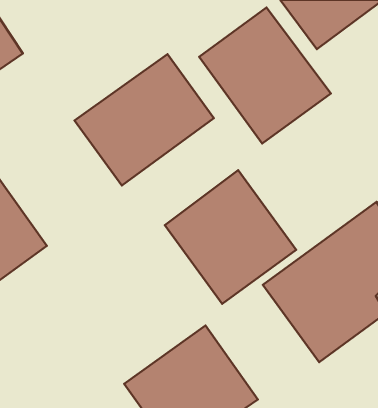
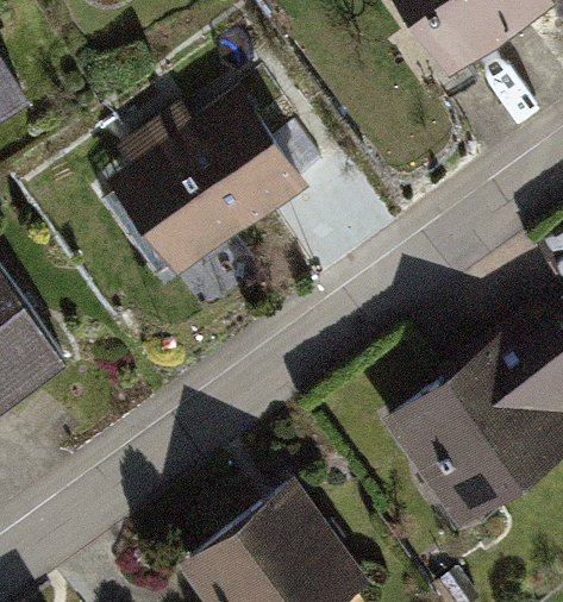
building: [199,8,331,144] -> none
building: [165,170,296,304] -> none

